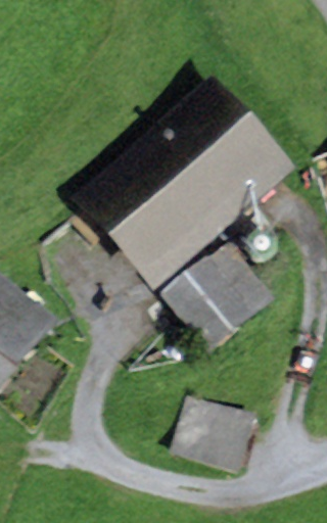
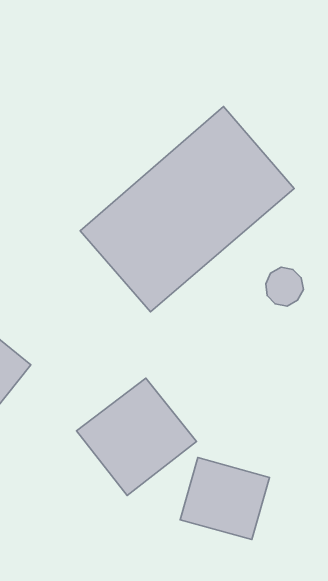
building: [172,250,276,352] -> [76,378,196,495]

